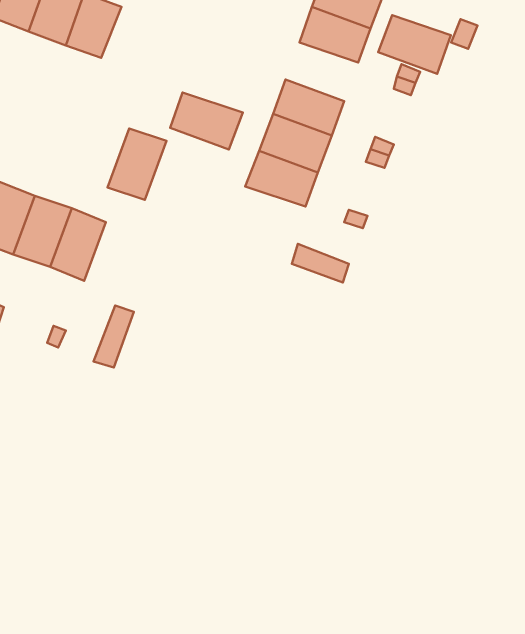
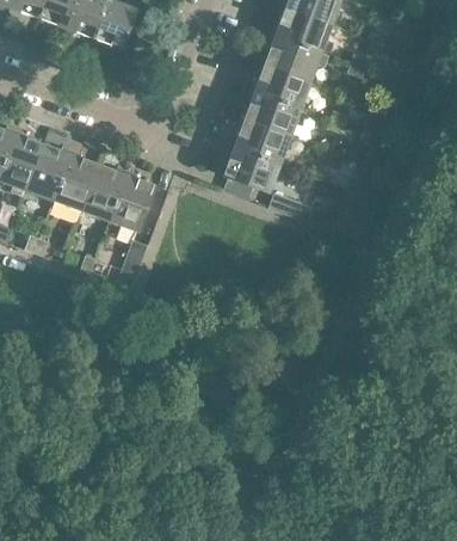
building: [378,15,451,74] -> [264,36,320,81]
building: [170,92,243,150] -> [223,147,279,191]
building: [108,129,166,200] -> [109,174,154,229]

